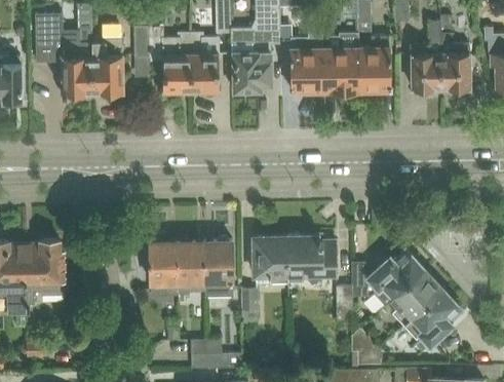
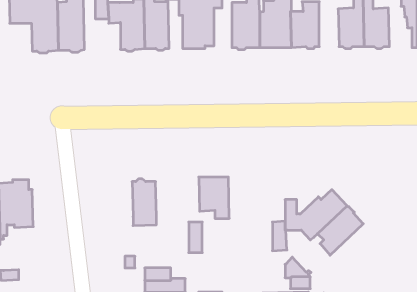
building: [286,238,337,285] -> none
building: [203,239,232,296] -> none
building: [149,240,178,283] -> none
building: [402,292,459,353] -> none

